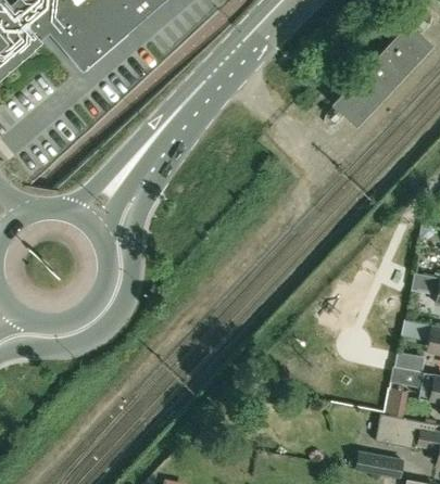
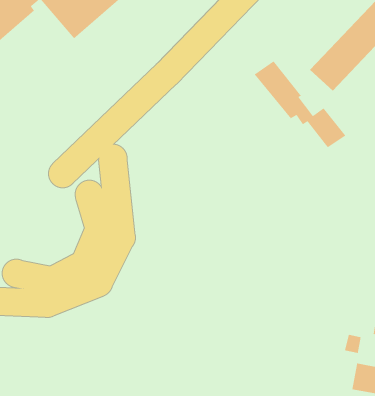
building: none -> [254,60,346,148]

